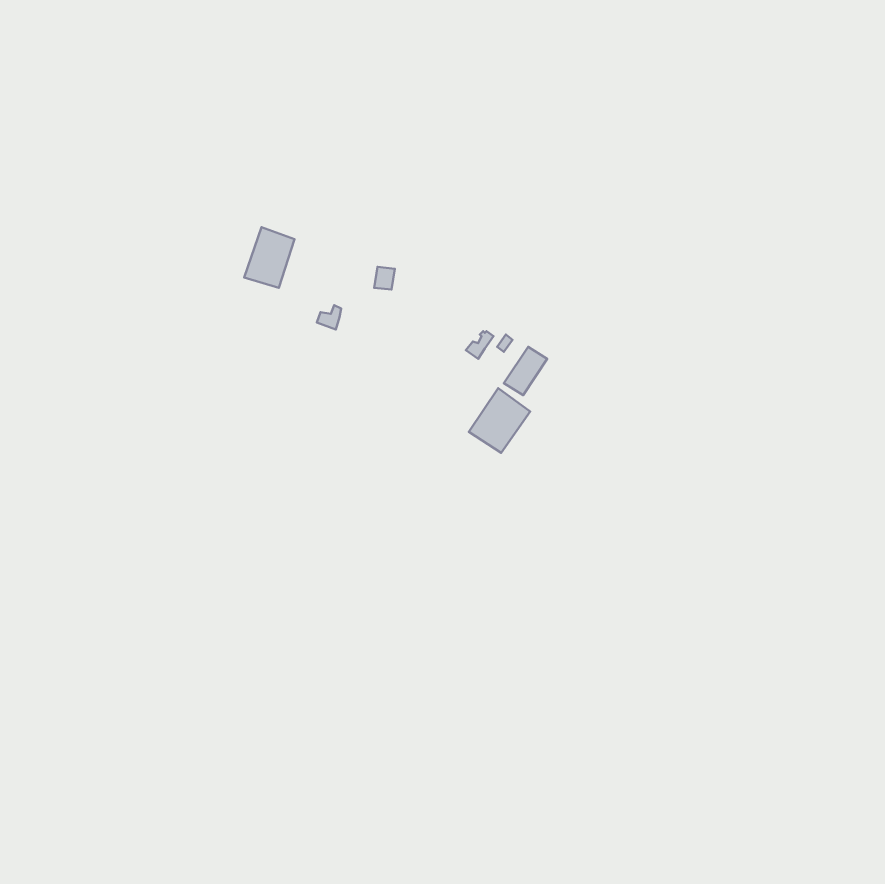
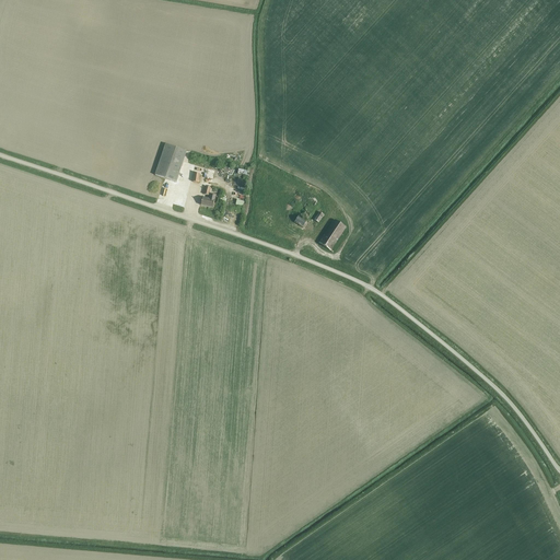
building: [469,388,530,453] -> none

